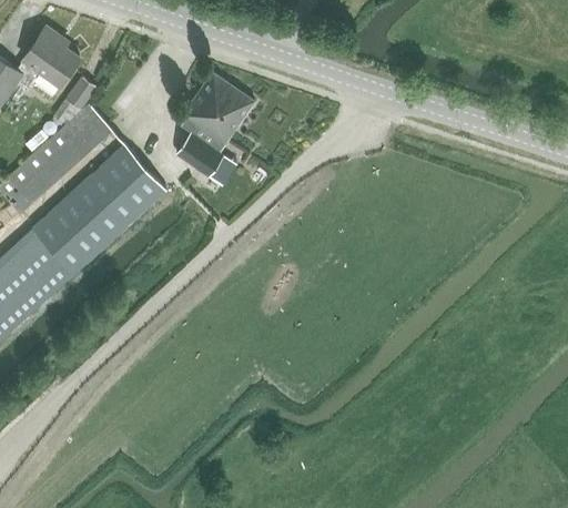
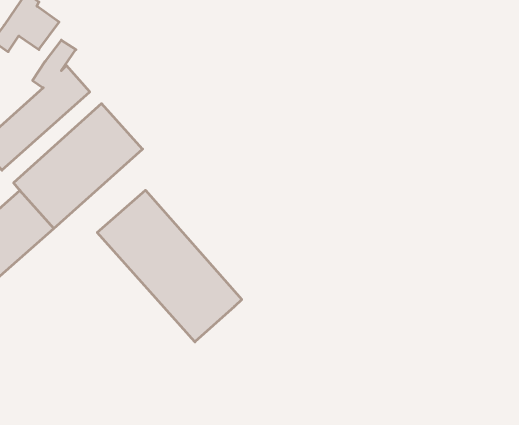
building: [174,71,254,186] -> none
building: none -> [97,190,242,342]

